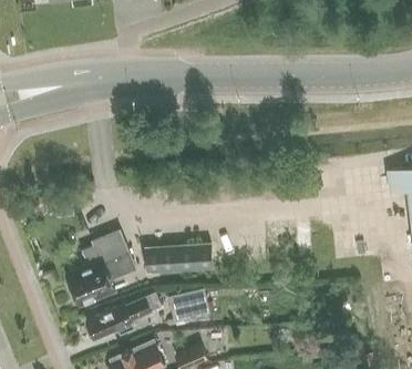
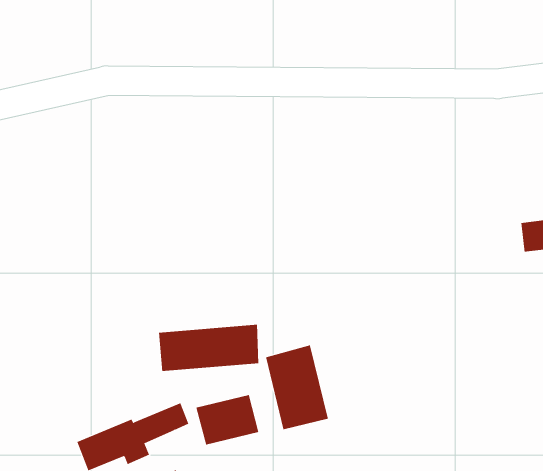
building: [70,230,136,305] -> none
building: none -> [266,345,328,430]

